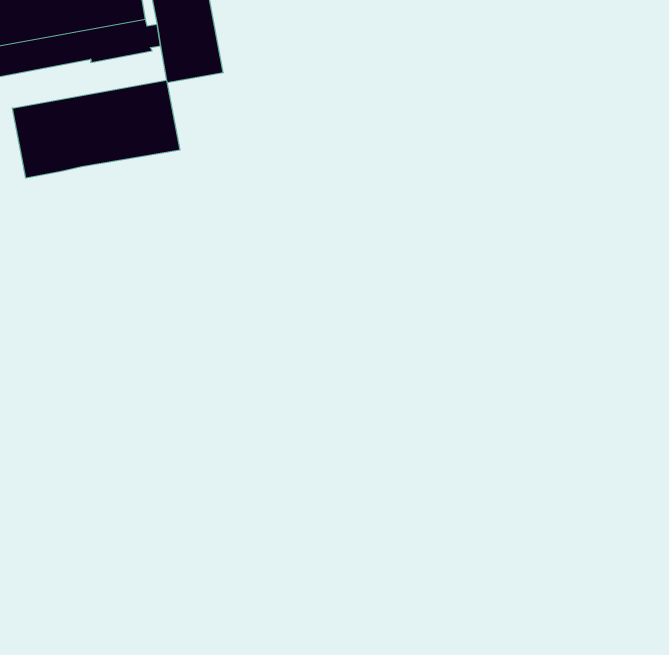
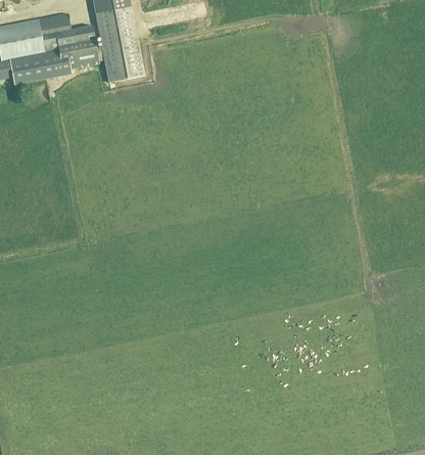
building: [12,80,180,178] -> none

